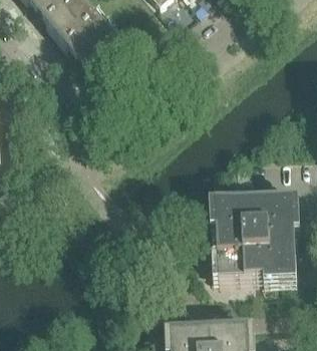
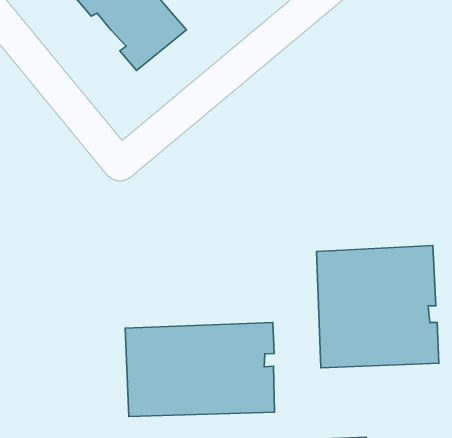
building: none -> [125,322,275,417]

